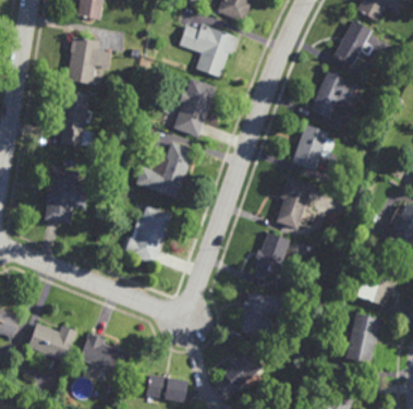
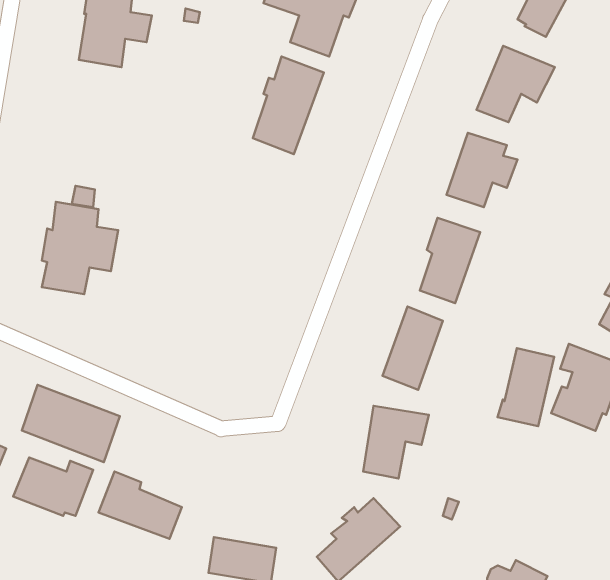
building: [62,92,87,145] -> none
building: [135,141,195,199] -> none
building: [123,205,171,264] -> none
building: none -> [22,385,120,462]
building: [344,314,379,362] -> [497,348,554,426]

